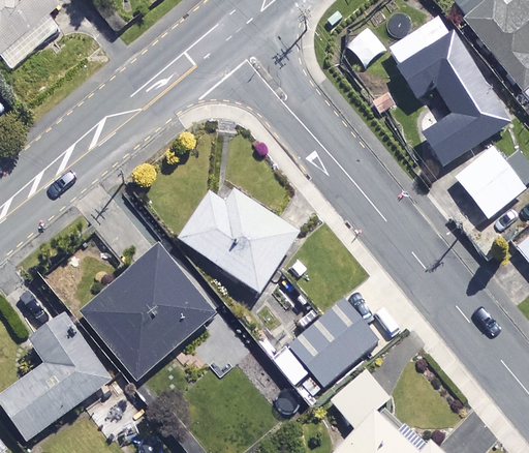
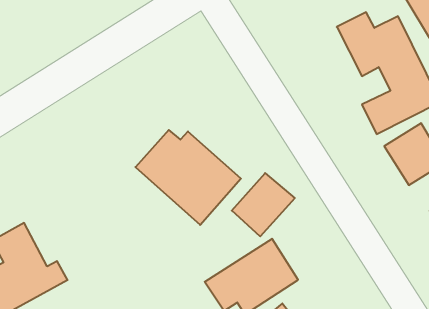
building: none -> [232,173,295,236]
building: [81,245,216,380] -> none

